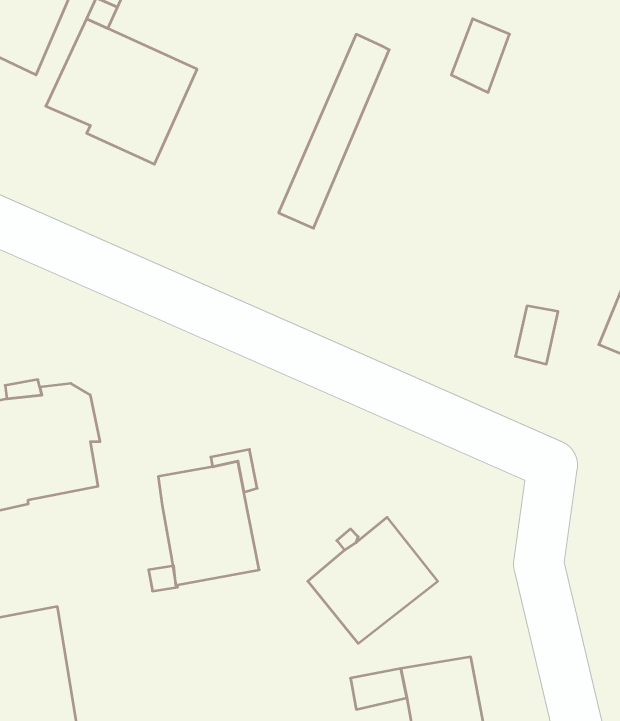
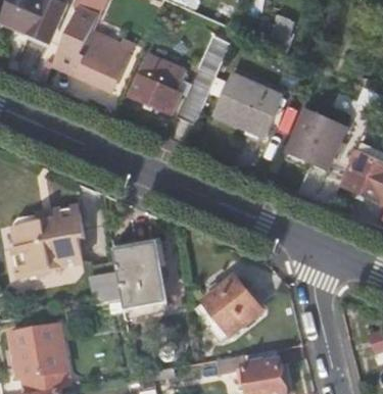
building: none -> [129,54,188,115]
building: none -> [214,72,284,136]
building: none -> [286,107,348,168]
building: none -> [88,270,119,304]

